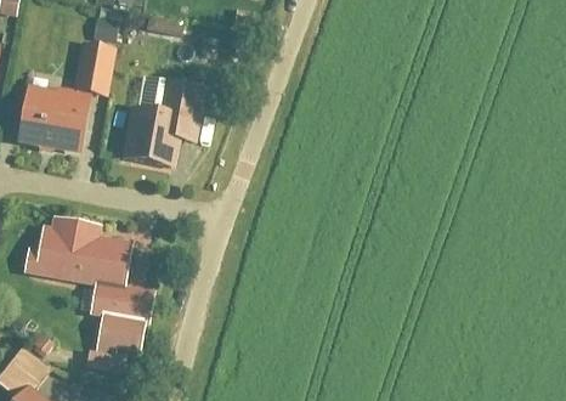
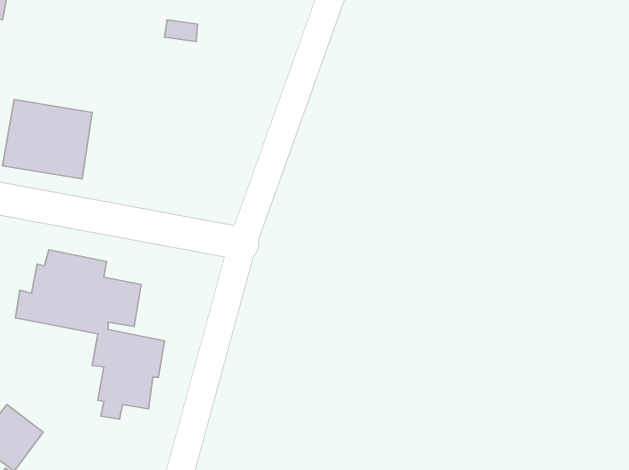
building: [73,38,117,95] -> none
building: [121,80,208,168] -> none

